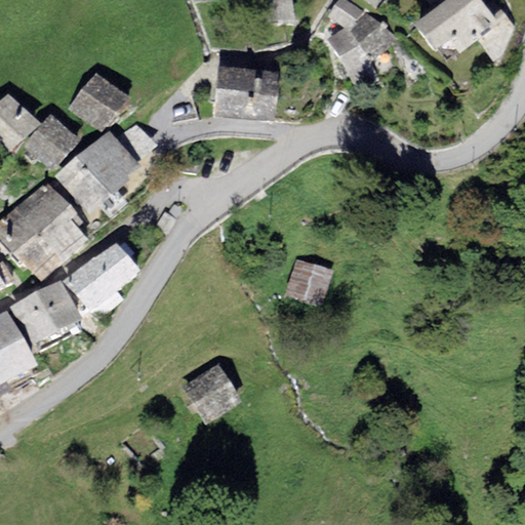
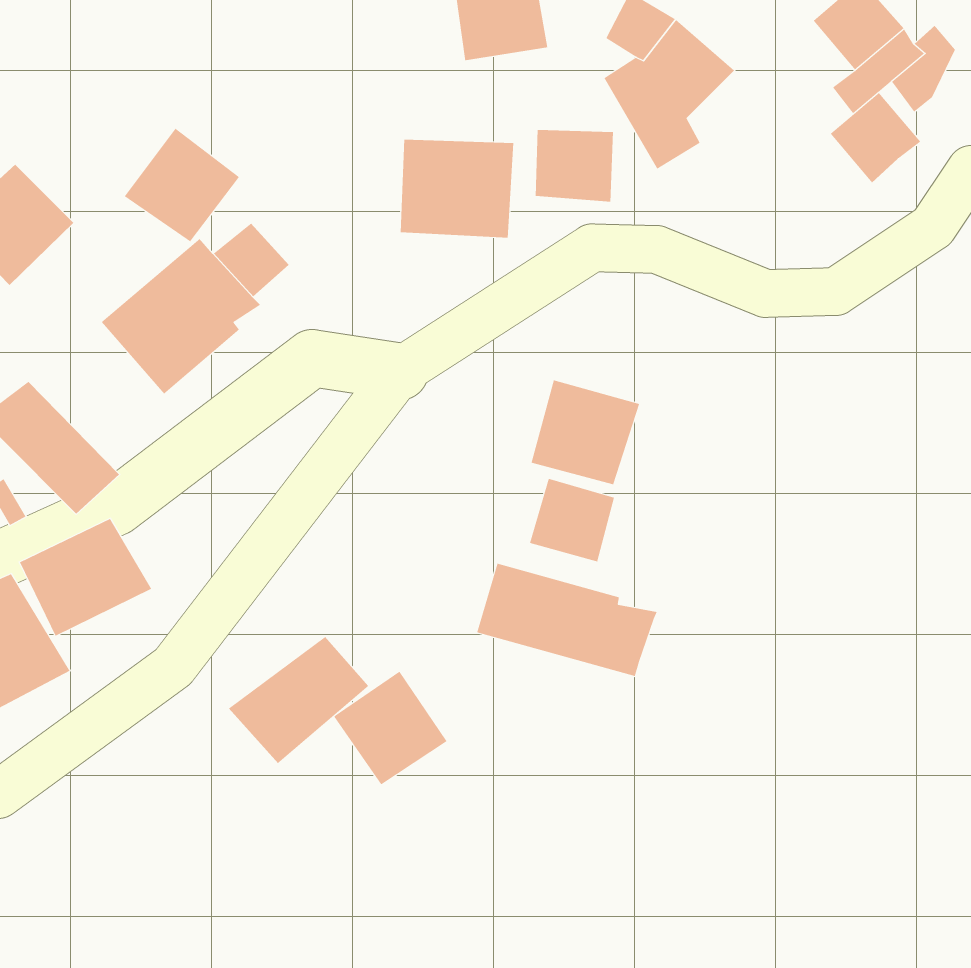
building: [411,11,460,60] -> [830,92,921,183]
building: none -> [535,129,614,203]
building: [23,111,80,168] -> none
building: [15,185,88,255] -> none
building: none -> [531,379,640,485]
building: [63,241,138,310] -> [228,636,369,764]
building: none -> [477,563,658,677]

